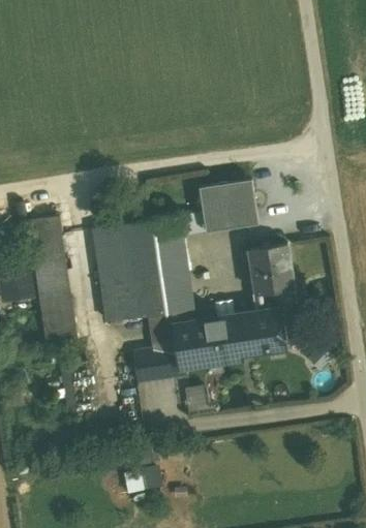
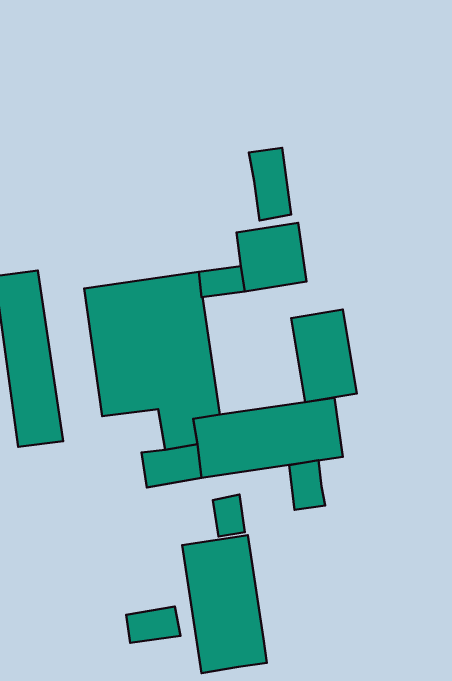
building: none -> [249,148,291,220]
building: none -> [289,460,325,510]
building: none -> [182,535,267,673]

